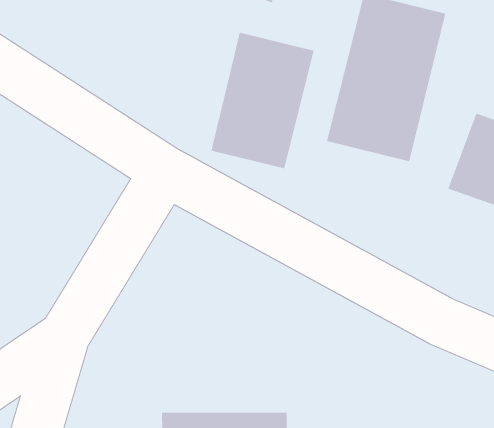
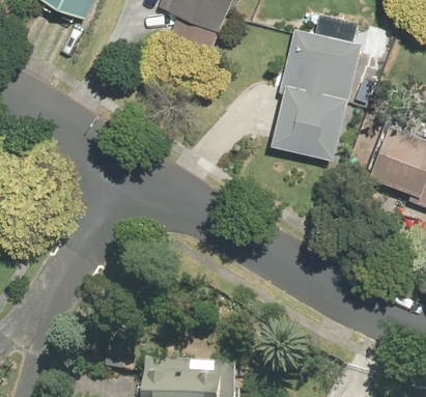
building: [211,32,314,169] -> none

